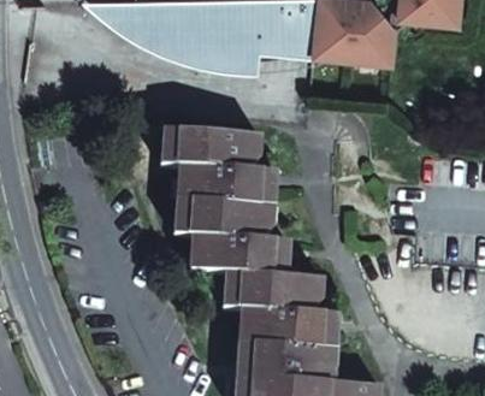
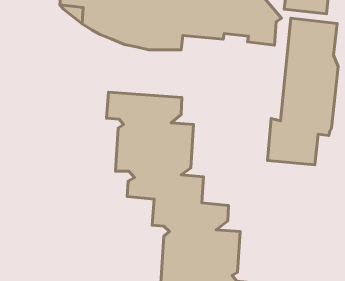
building: none -> [267,18,338,165]

